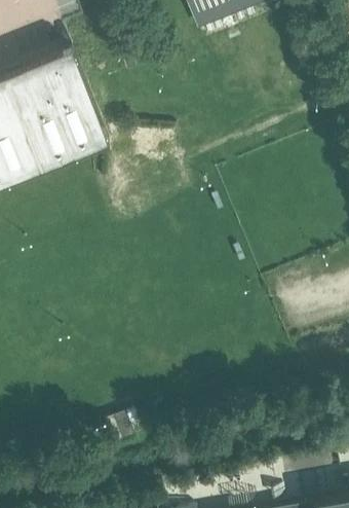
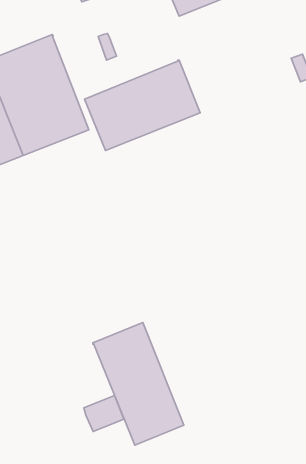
building: none -> [84,60,200,151]
building: none -> [93,323,184,445]

